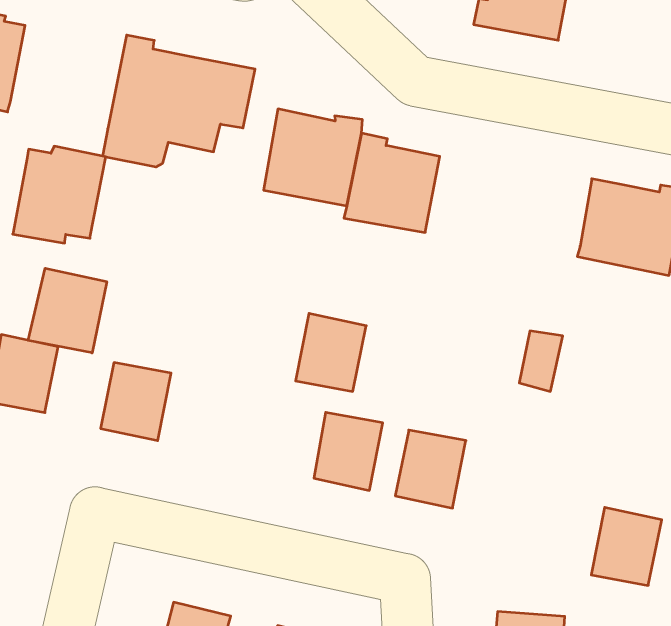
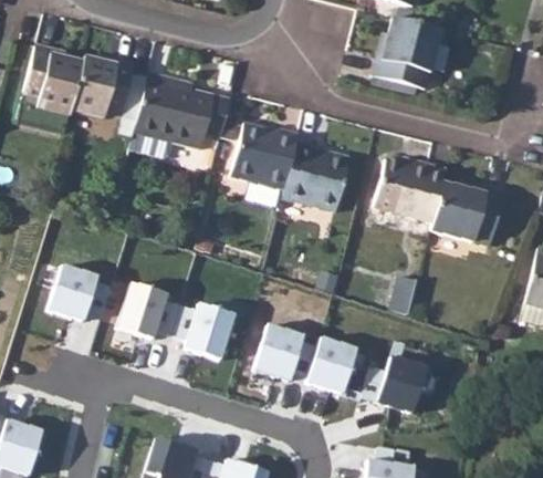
building: [13,146,106,243] -> [72,55,135,118]
building: none -> [376,160,448,225]
building: [28,268,107,353] -> none
building: [296,313,366,391] -> [184,301,231,353]
building: [591,507,662,585] -> [380,357,428,409]

